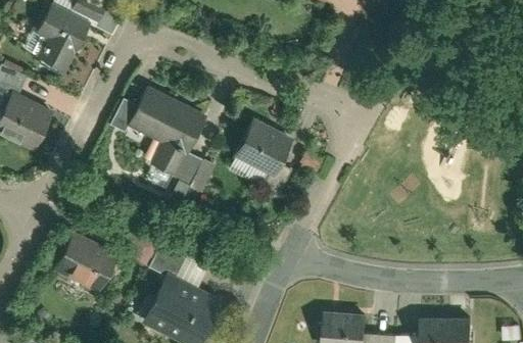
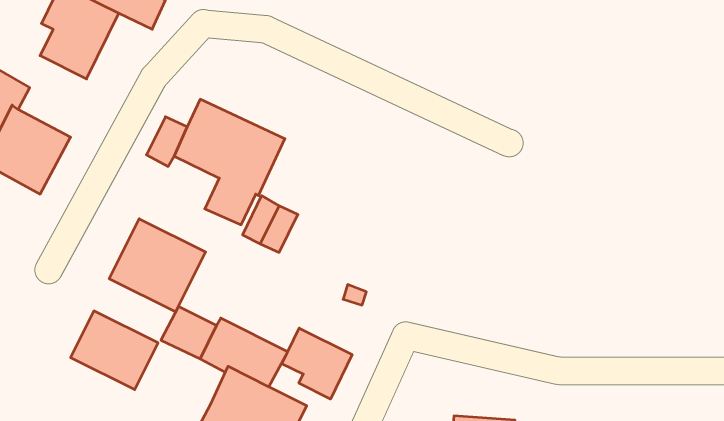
building: [233,121,291,178] -> none
building: none -> [109,219,206,312]
building: none -> [282,328,352,399]

